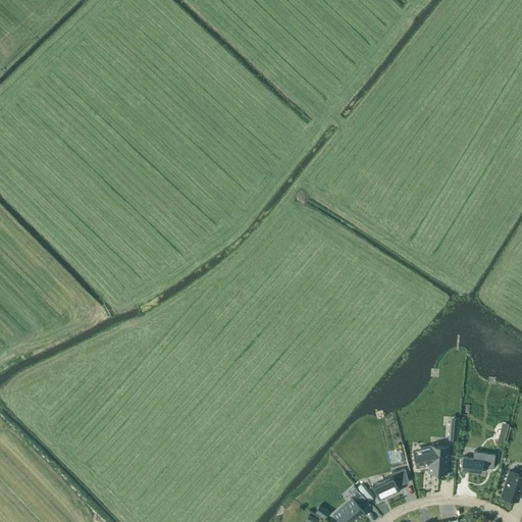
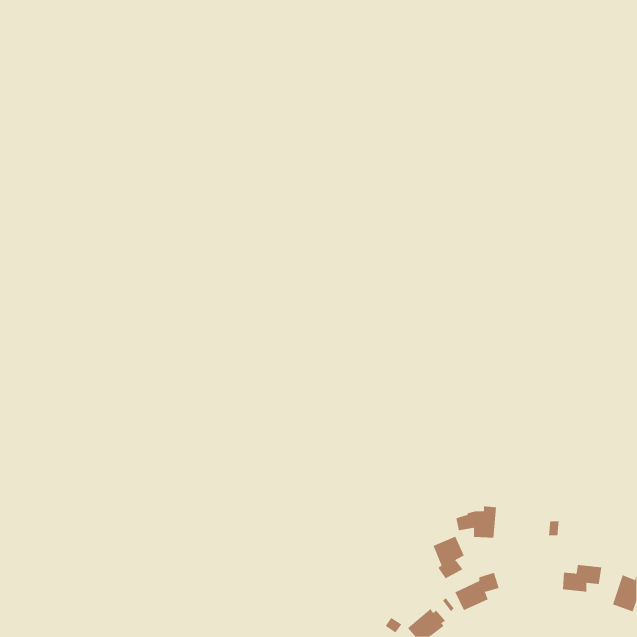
building: none -> [433,536,464,579]
building: [414,445,448,471] -> [456,506,497,538]

